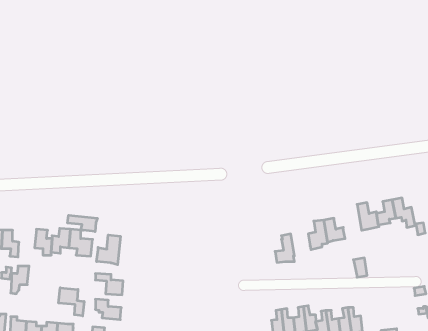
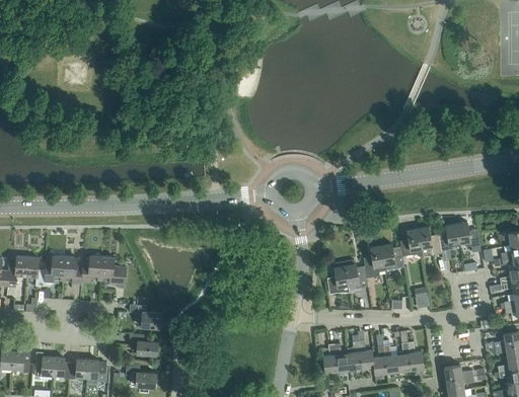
building: none -> [400,229,423,257]
building: [68,215,97,232] -> none
building: none -> [345,260,368,289]
building: [97,235,120,265] -> none
building: [11,266,29,294] -> [45,256,65,287]
building: [59,288,84,316] -> none

